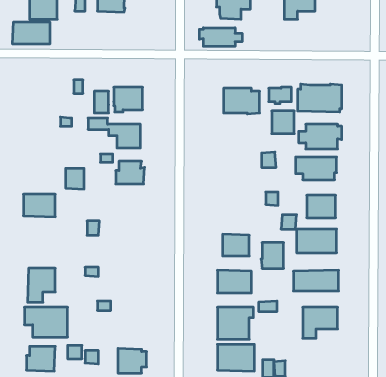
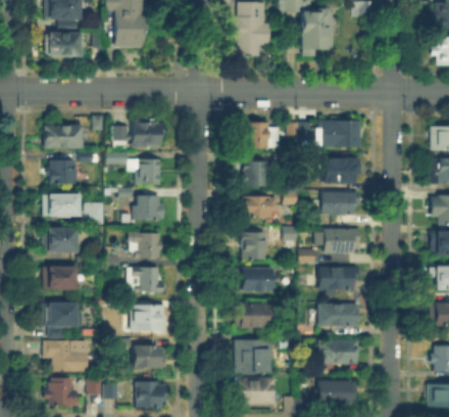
building: [12,22,50,44] -> [45,128,83,149]
building: [199,28,242,46] -> none
building: [272,111,294,134] -> [245,164,267,186]
building: none -> [52,161,76,183]
building: none -> [45,195,80,215]
building: none -> [246,198,278,216]
building: none -> [132,235,160,258]
building: none -> [45,269,77,290]
building: none -> [131,269,164,292]
building: [261,243,284,268] -> [244,234,266,260]
building: none -> [134,307,166,330]
building: none -> [137,347,161,367]
building: none -> [318,382,357,405]

